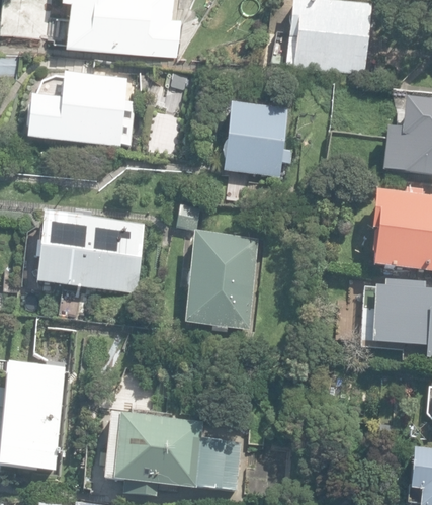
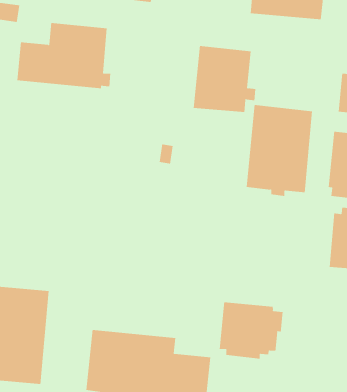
building: [34,208,145,288] -> none
building: [186,231,260,332] -> [246,105,313,196]
building: none -> [219,301,283,359]

